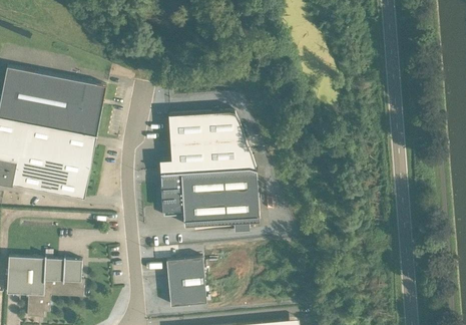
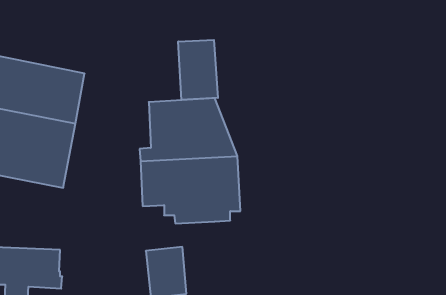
building: none -> [178,40,218,100]

